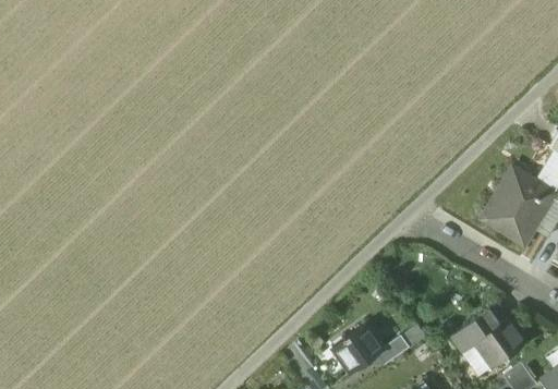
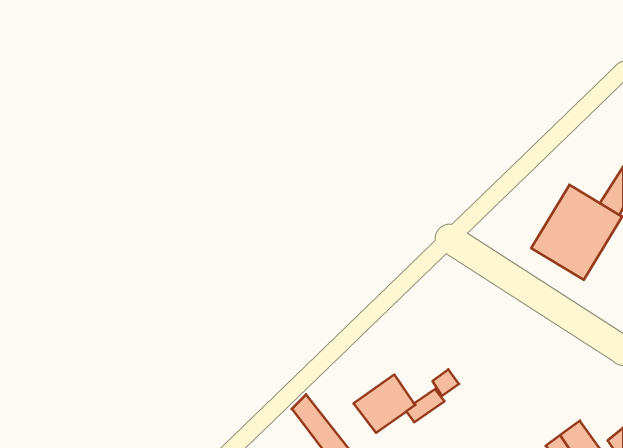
building: [450,311,525,368] -> none

